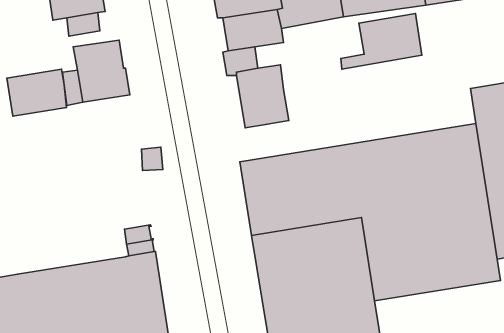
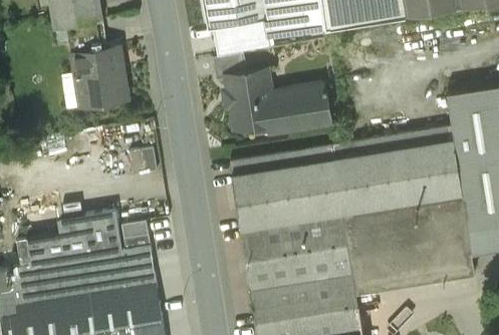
building: [341,14,422,69] -> [254,86,330,138]
building: [7,69,66,116] -> none
building: none -> [17,212,122,269]

